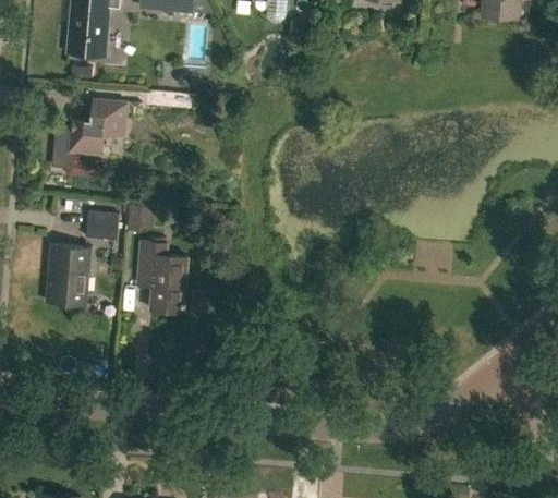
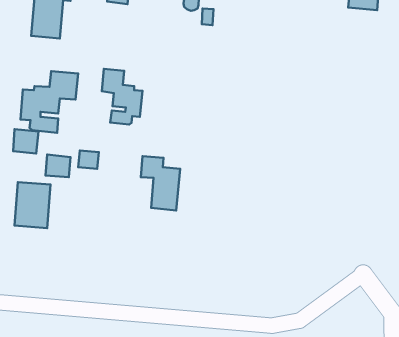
building: none -> [102,69,143,124]
building: none -> [13,129,38,153]
building: [138,242,190,313] -> [141,156,180,210]

